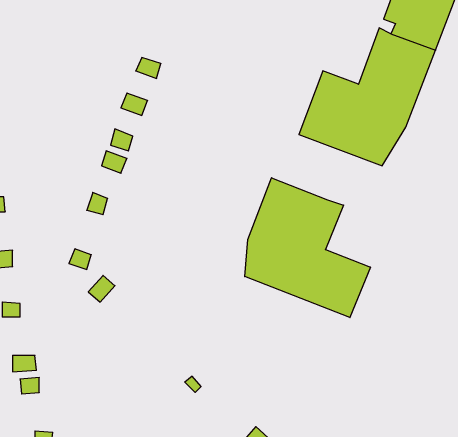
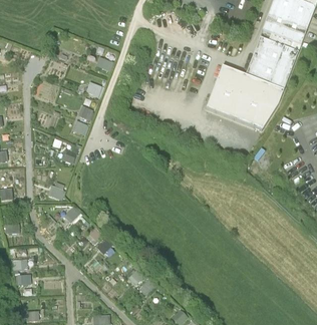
building: [245,178,370,318] -> none

